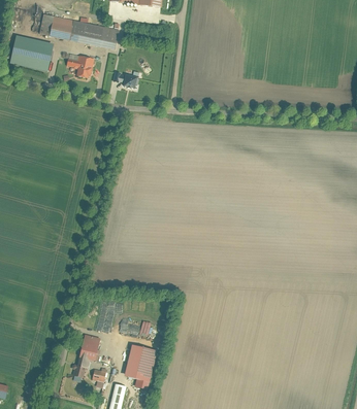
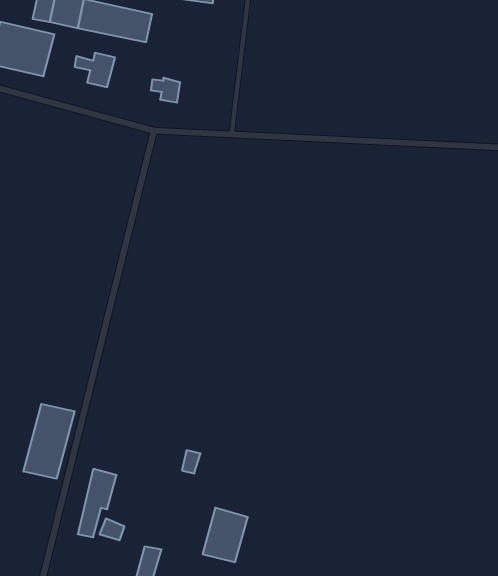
building: none -> [23,404,75,479]
building: [123,342,153,378] -> [203,508,248,562]

